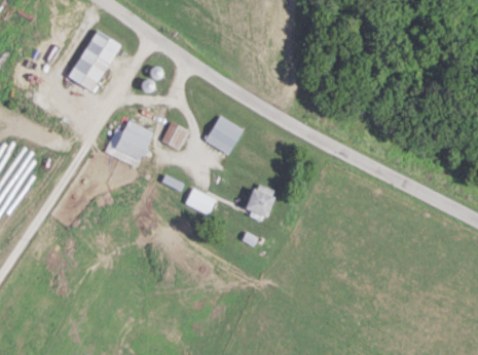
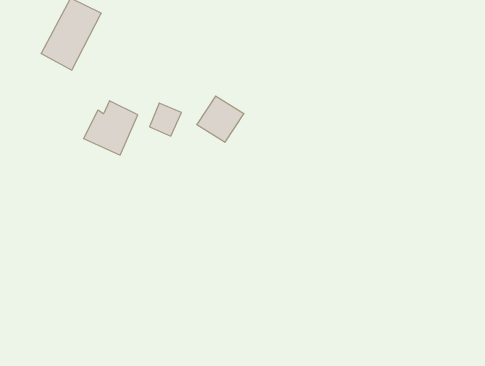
building: [244,186,274,215] -> none
building: [185,187,217,213] -> none

